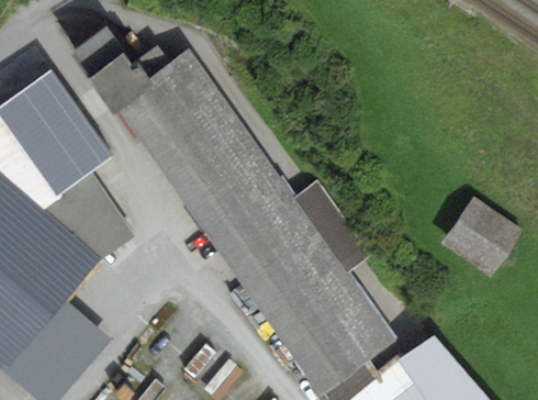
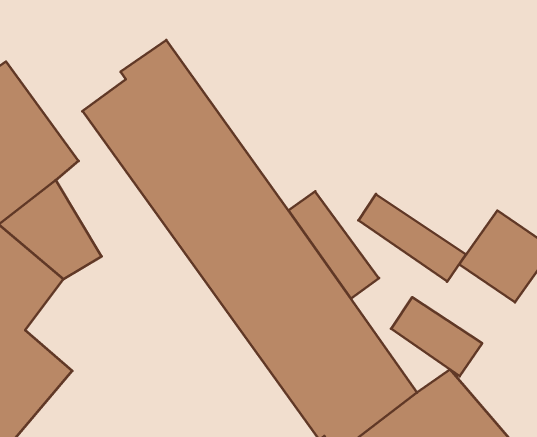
building: [69,26,154,113] -> none
building: none -> [358,194,466,282]
building: none -> [391,297,482,376]

